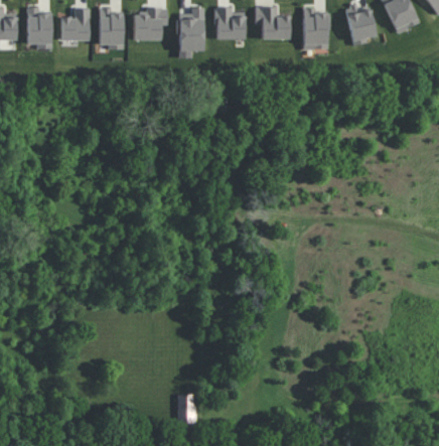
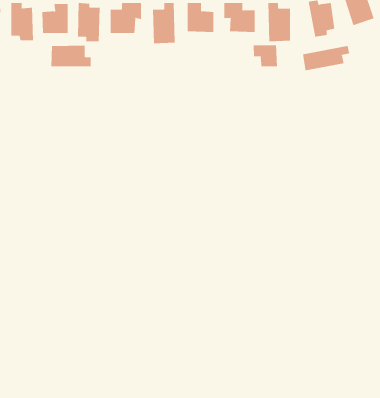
building: none -> [253,44,278,67]
building: none -> [51,45,91,67]
building: none -> [302,45,350,71]
building: [178,394,196,422] -> none

